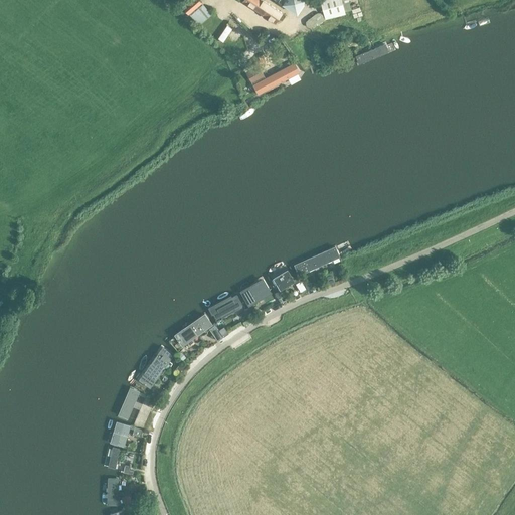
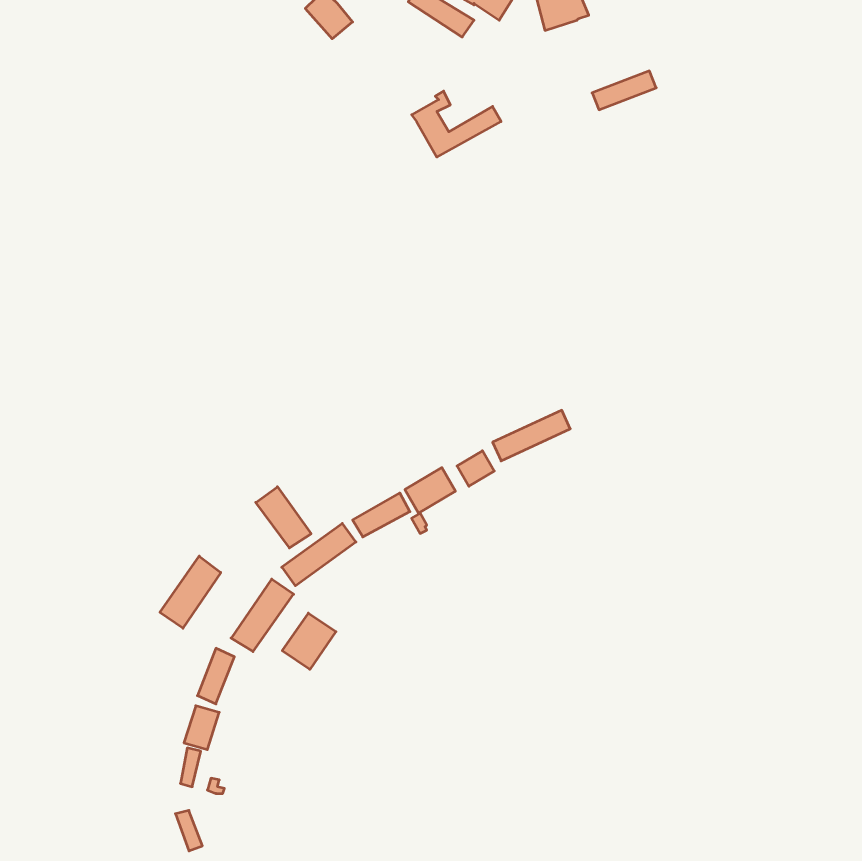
building: none -> [256,487,311,548]
building: none -> [160,556,221,628]
building: none -> [282,613,336,669]

